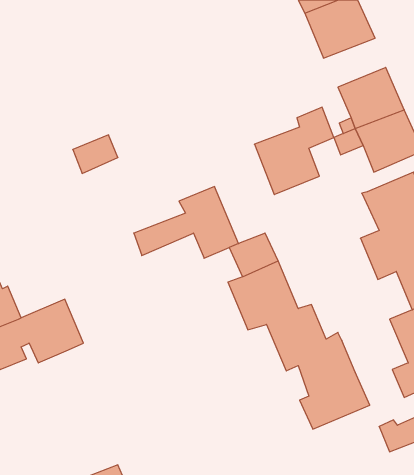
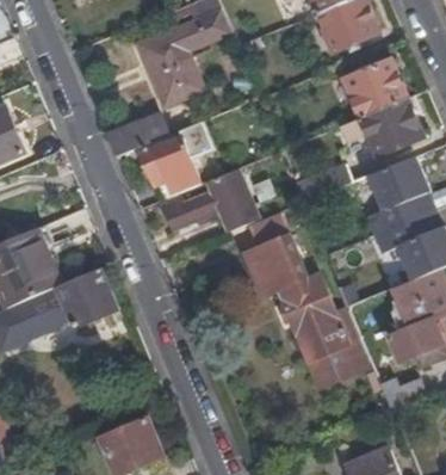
building: none -> [135,10,225,105]
building: [254,107,334,195] -> [140,121,211,199]

